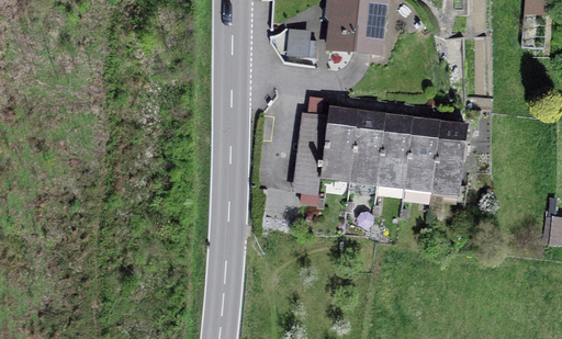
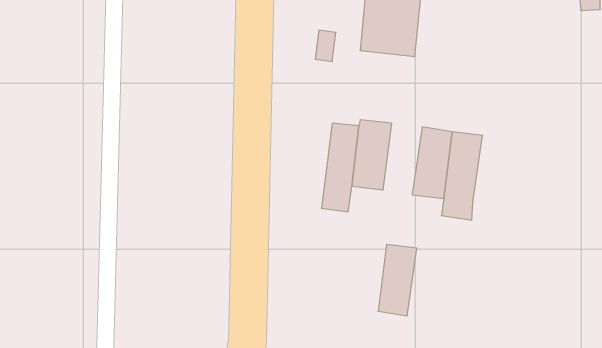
building: [349,113,384,178] -> [378,244,417,316]
building: [430,124,467,188] -> none

